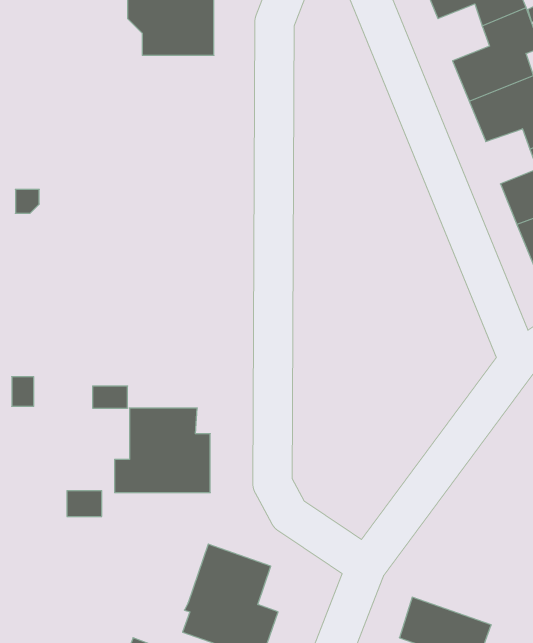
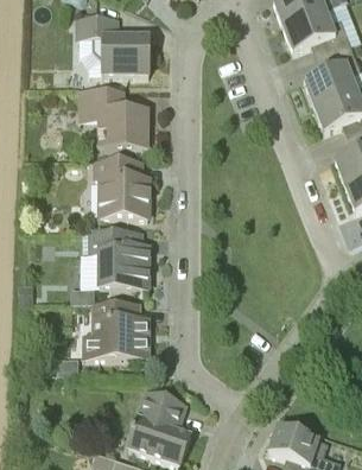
building: none -> [80,87,150,146]
building: none -> [95,159,148,216]
building: none -> [91,230,148,287]

